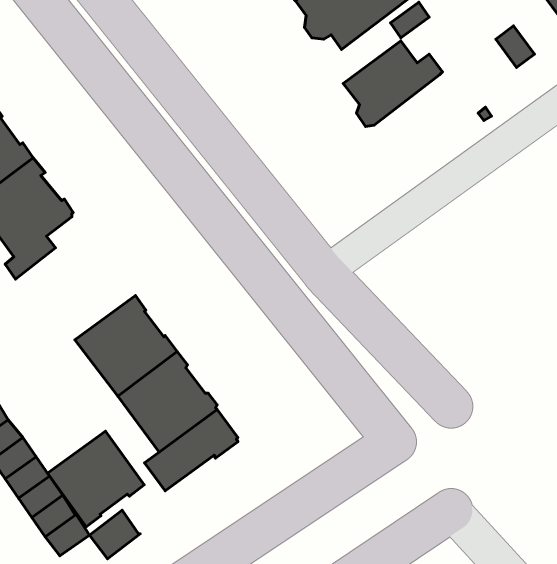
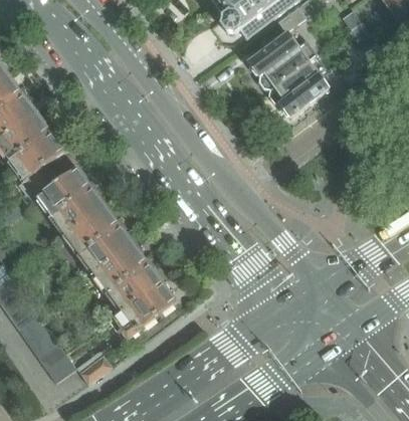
building: none -> [265,55,326,117]
building: none -> [24,168,106,235]
building: [48,431,144,527] -> none

